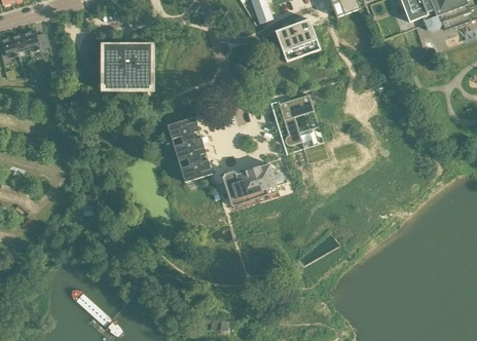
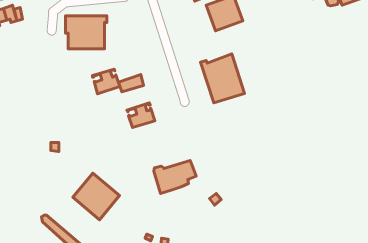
building: [171,129,205,160] -> [93,69,120,94]
building: [223,164,276,205] -> [154,160,196,193]
building: none -> [73,173,119,220]

